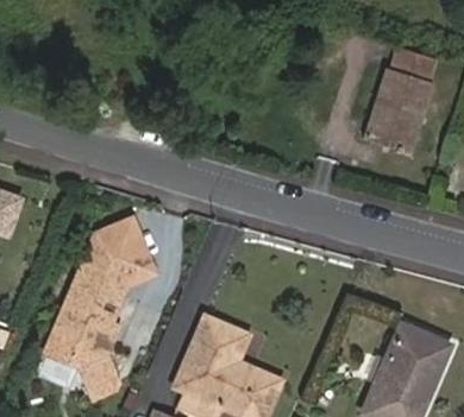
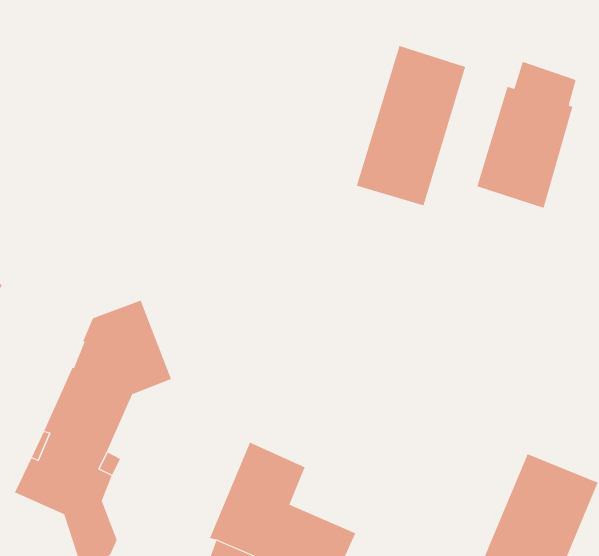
building: none -> [356,45,466,206]

